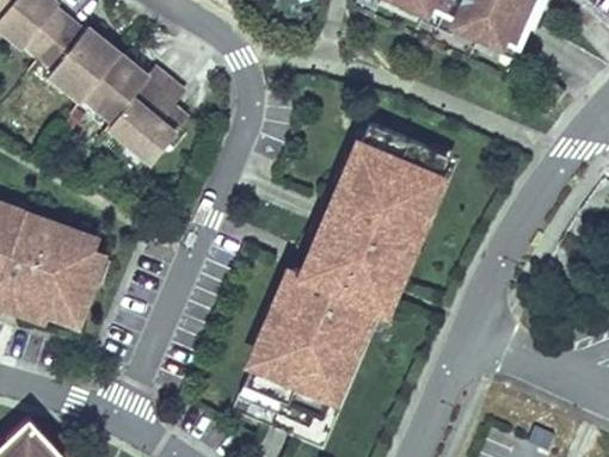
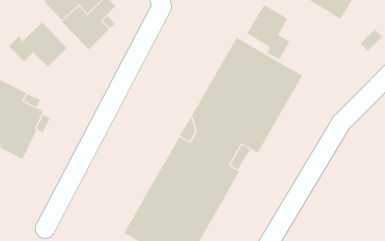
building: none -> [246,4,290,60]
building: none -> [8,22,68,67]

